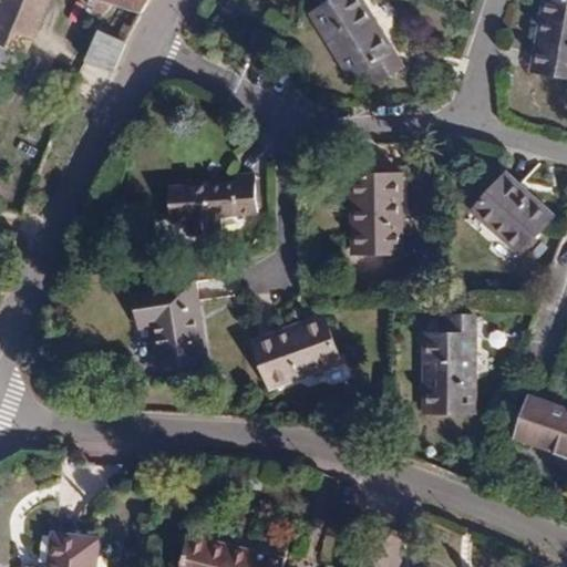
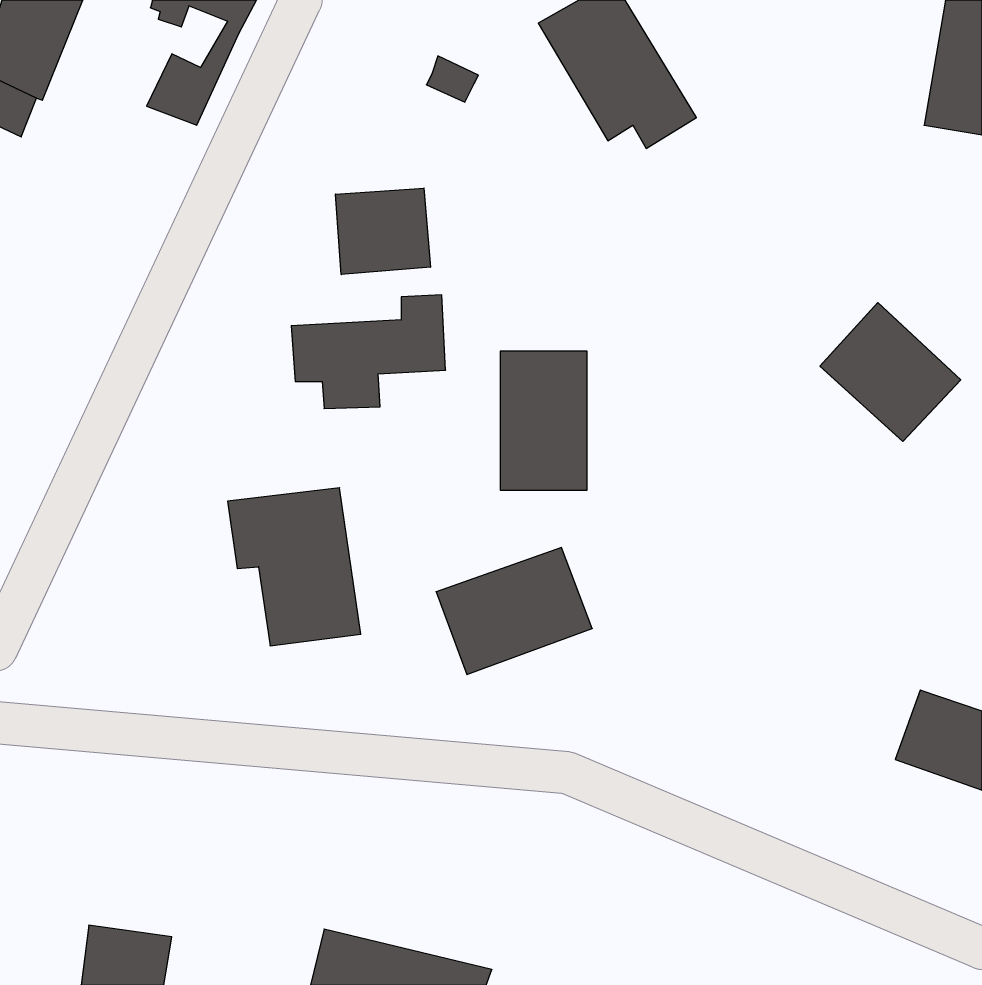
building: none -> [336,188,430,275]
building: [351,174,401,254] -> [500,351,587,490]
building: [423,315,474,413] -> none

